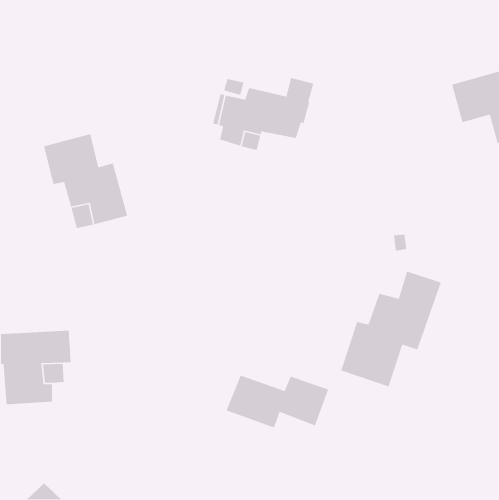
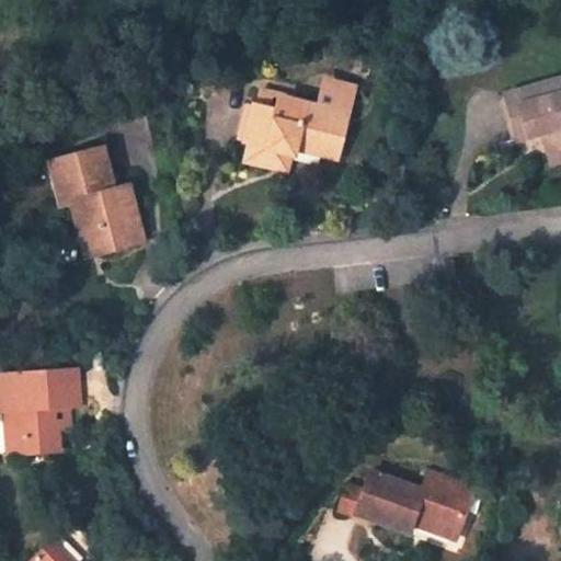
building: [340,271,442,388] -> none
building: [225,375,329,428] -> [356,470,472,530]

